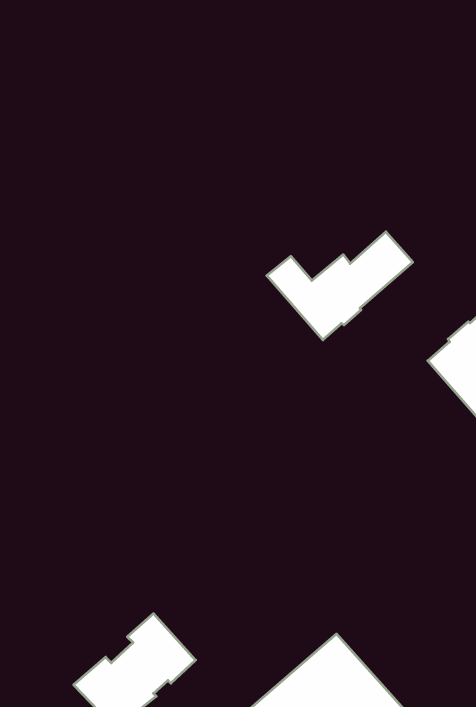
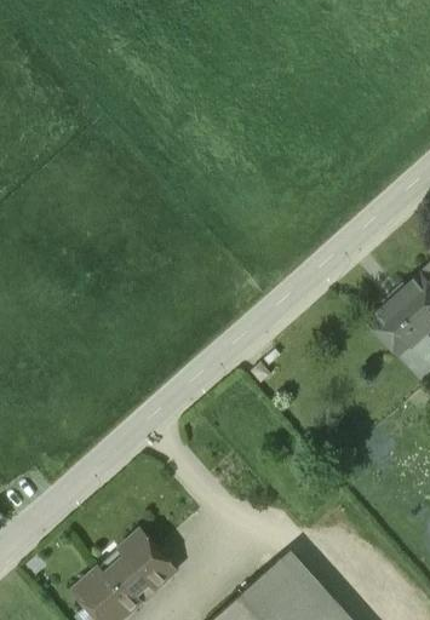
building: [267,232,413,340] -> none

